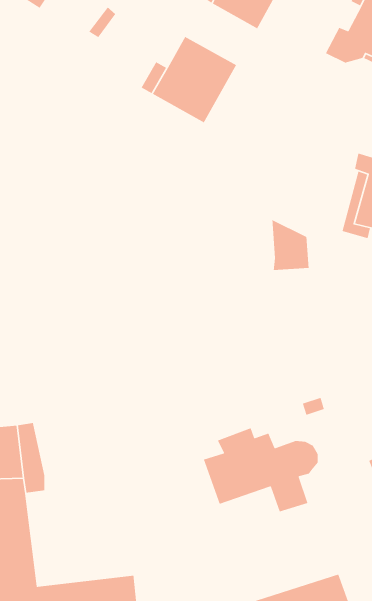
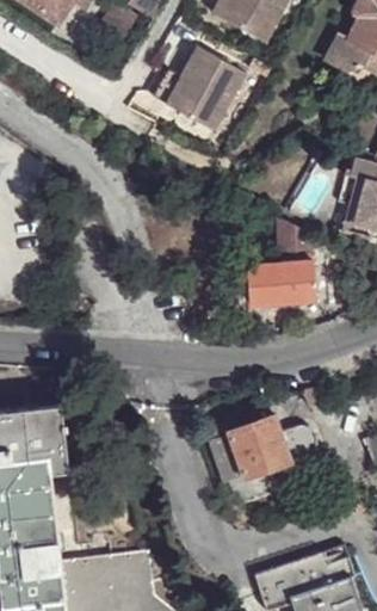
building: none -> [249,264,314,307]

